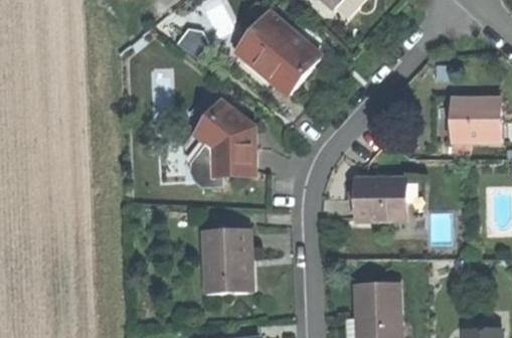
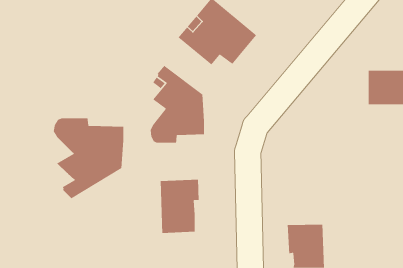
building: none -> [53,117,124,199]
building: [357,177,405,218] -> none

